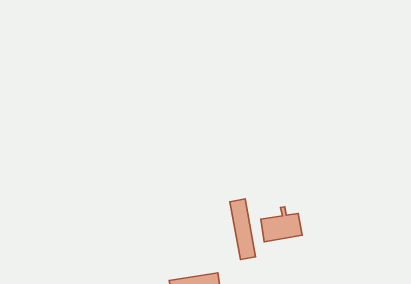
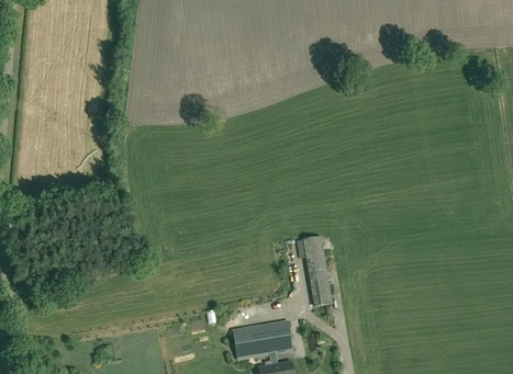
building: [261,207,302,242] -> none

